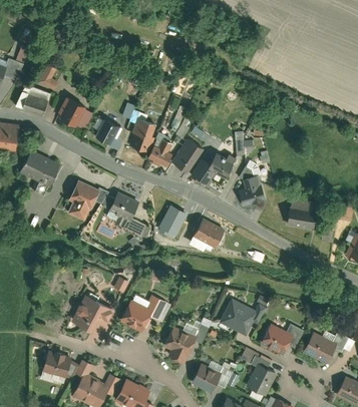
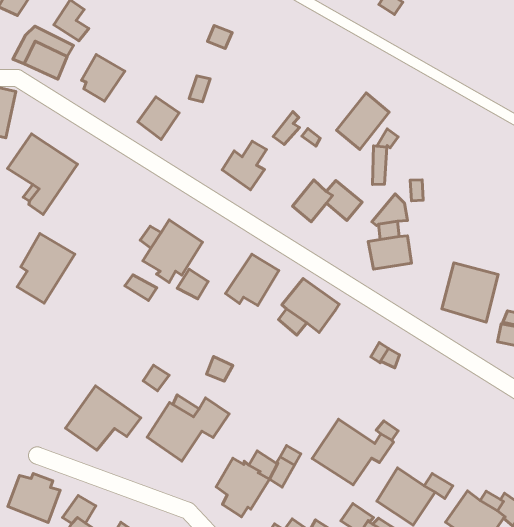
building: [130,119,155,151] -> none
building: [172,138,203,172] -> [337,93,389,150]
building: [68,178,100,220] -> [17,234,75,303]

